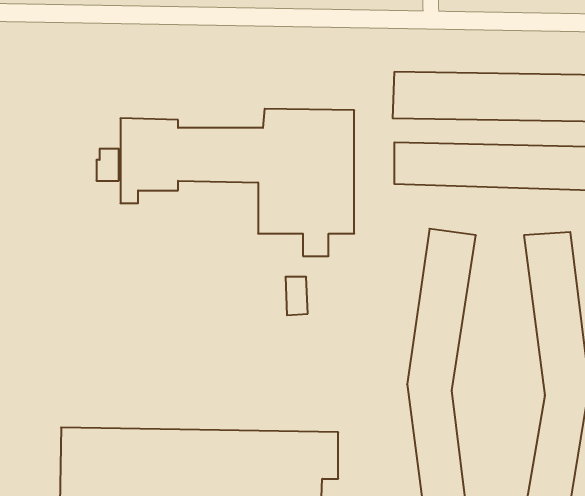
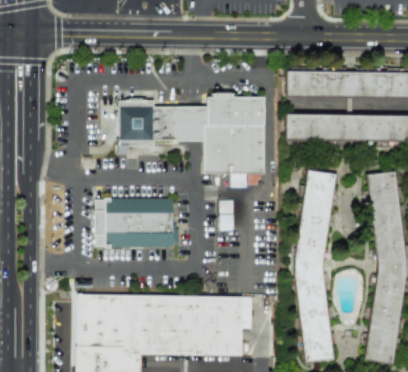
building: none -> [94,197,178,246]

